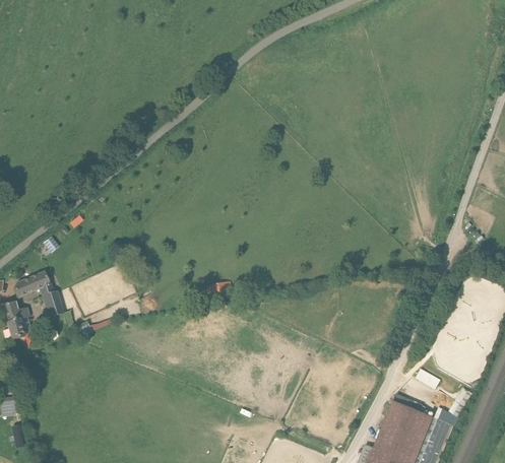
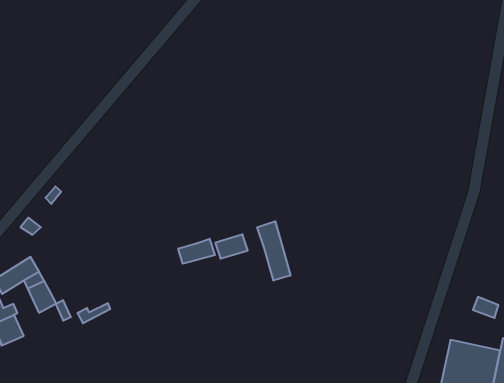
building: none -> [257,221,290,281]
building: none -> [178,239,215,264]

